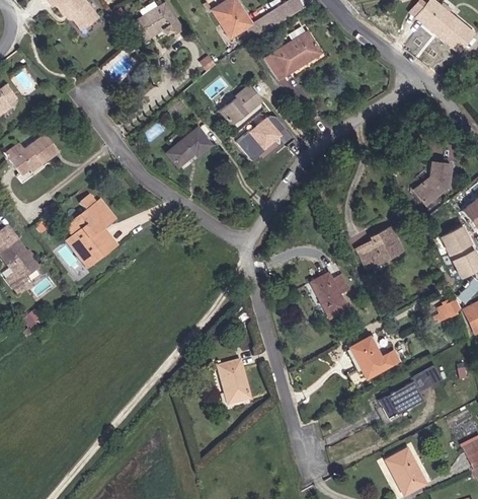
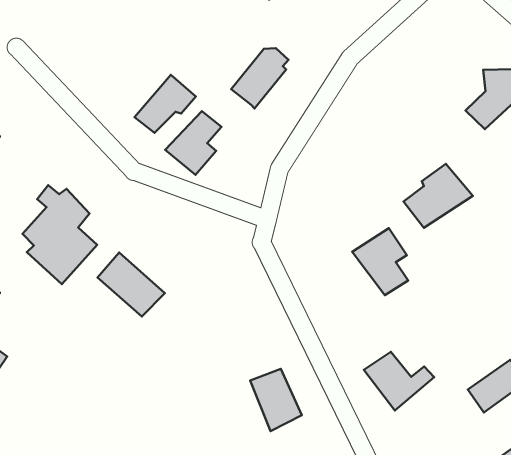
building: [219,83,263,125] -> none
building: none -> [165,111,221,175]
building: none -> [98,252,165,316]
building: [348,335,400,379] -> [364,352,434,411]

